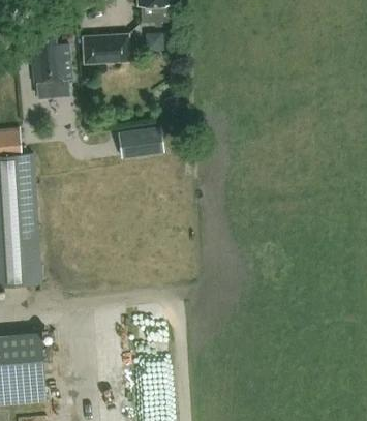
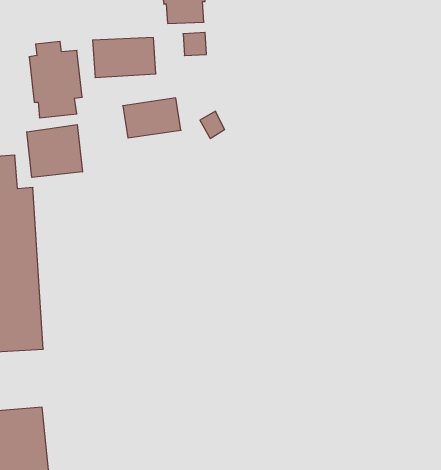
building: none -> [27,125,82,177]
building: [117,127,163,159] -> [123,98,181,138]

